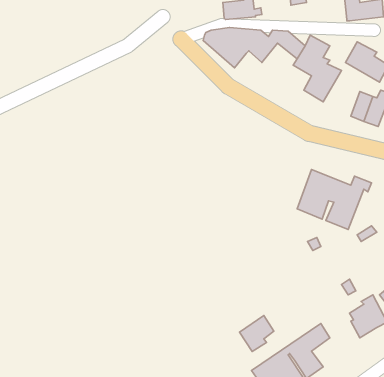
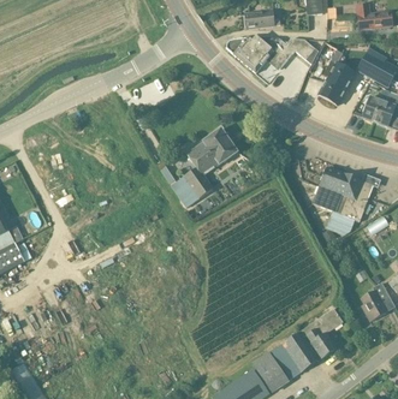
building: none -> [173,127,239,206]
building: [239,316,274,351] -> none

